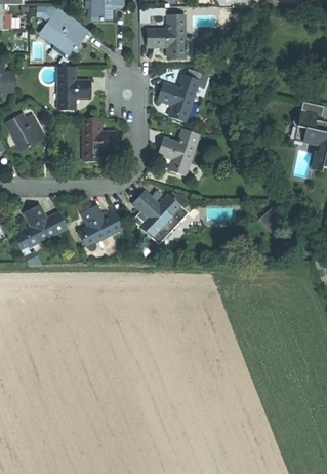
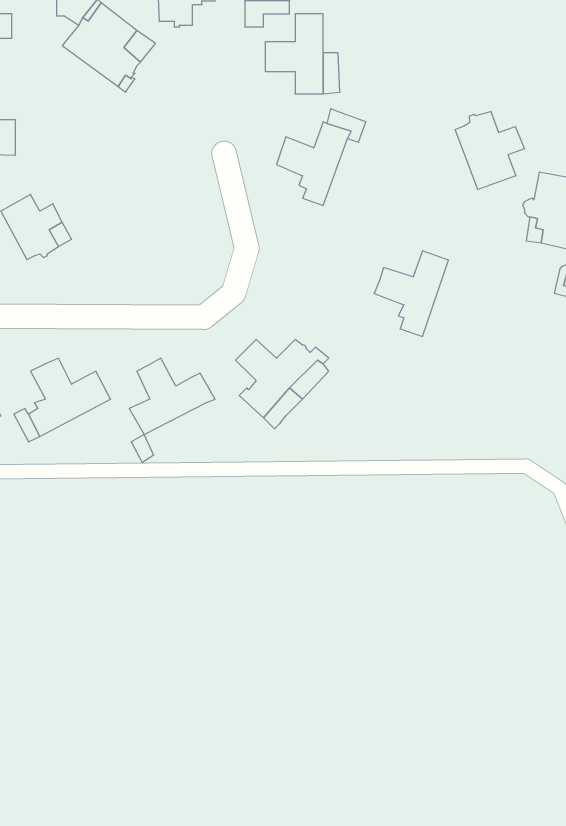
building: [58,66,90,111] -> none
building: none -> [455,111,525,189]
building: [83,118,115,162] -> none
building: [156,128,197,175] -> [374,251,449,336]

